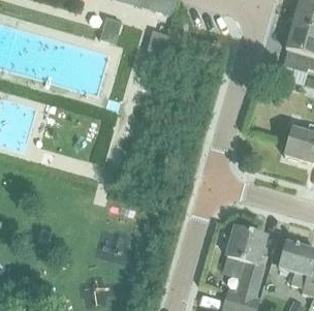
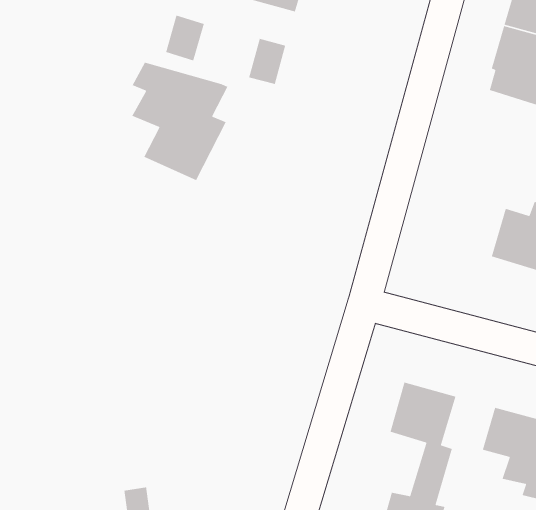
building: none -> [131,58,229,181]

